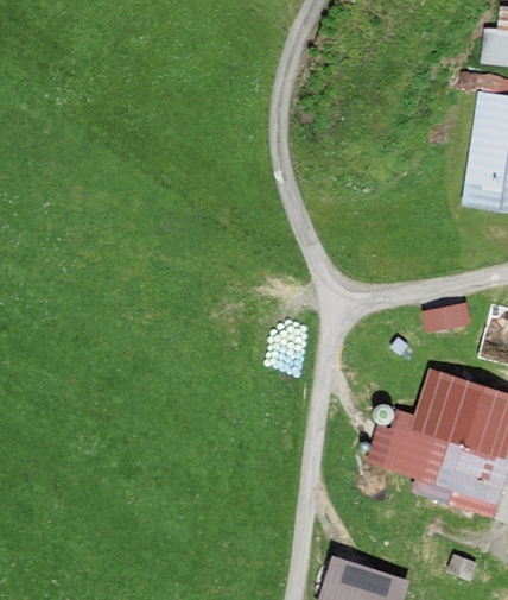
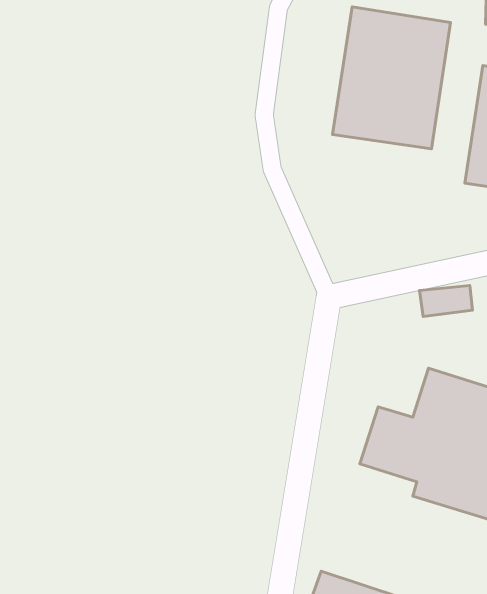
building: none -> [333,7,451,149]

